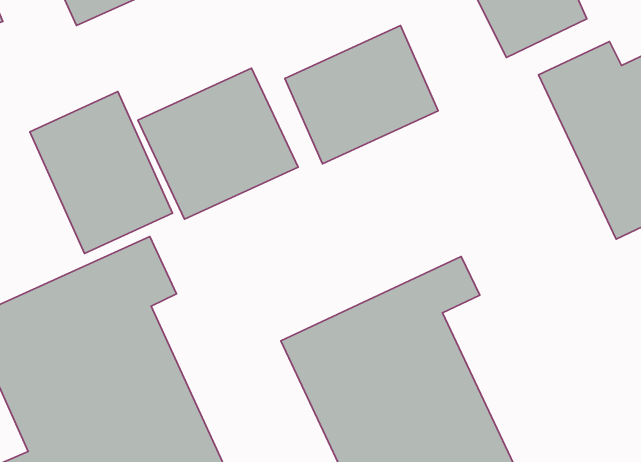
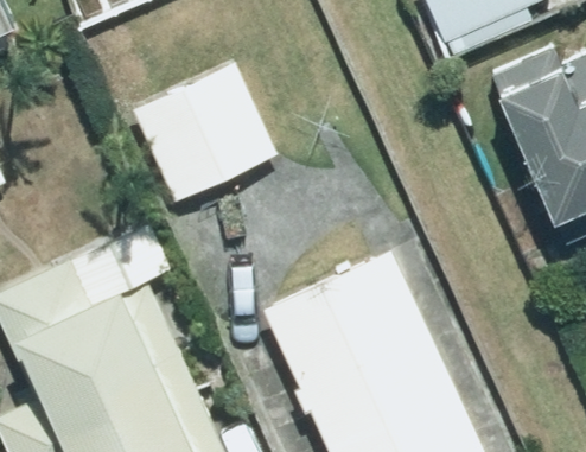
building: [285,25,438,164] -> none
building: [30,91,173,254] -> none

